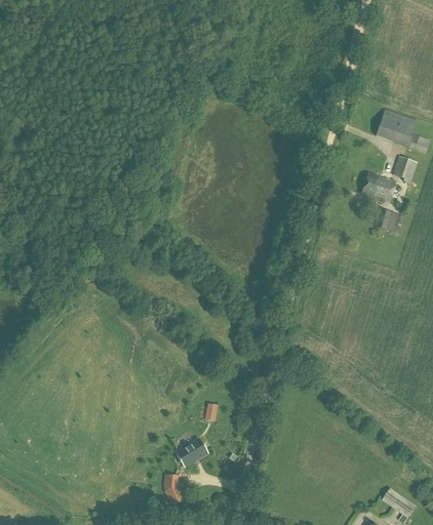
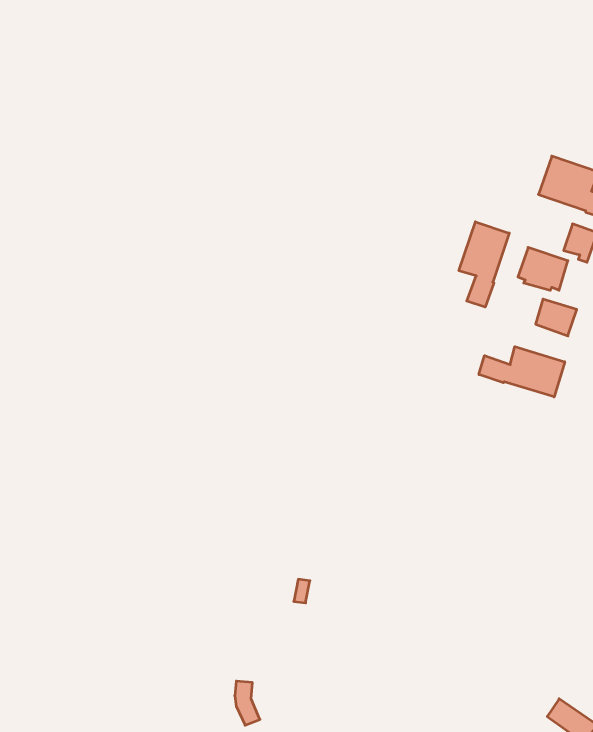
building: none -> [459,222,509,307]
building: none -> [479,347,565,397]
building: [175,438,207,467] -> none

